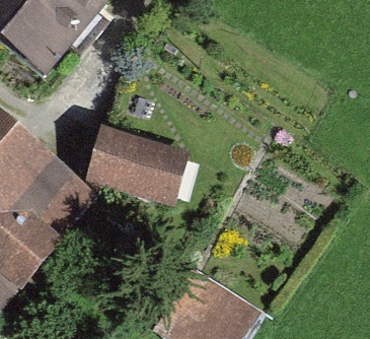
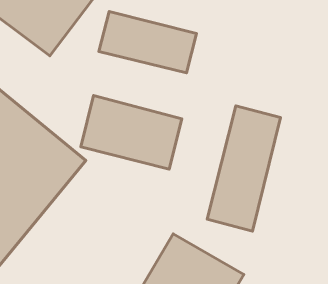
building: none -> [99,11,196,73]
building: none -> [207,106,281,231]

